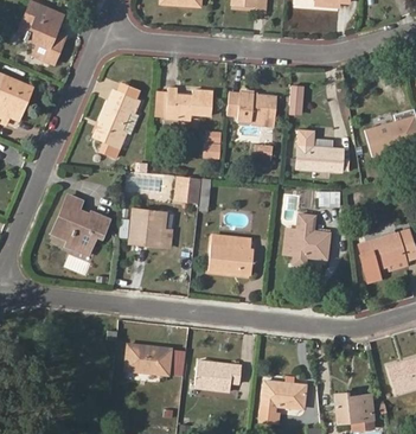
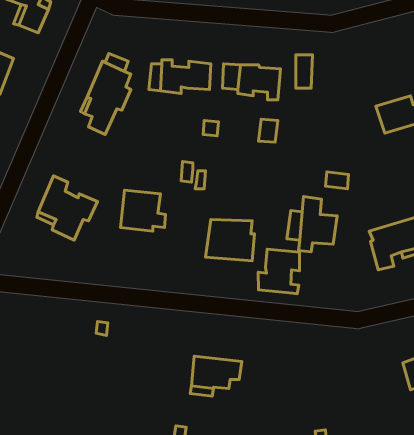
building: [296,133,344,170] -> none
building: none -> [258,249,300,294]
building: [124,343,171,374] -> none
building: [260,381,305,423] -> none
building: [332,392,373,422] -> none

